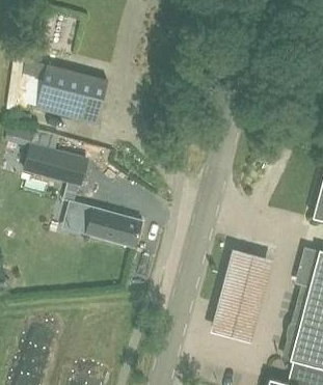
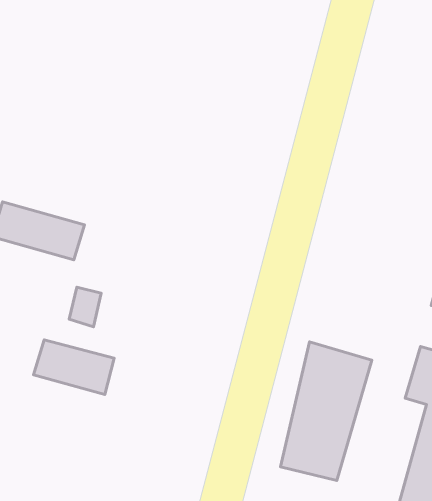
building: [36,64,109,125] -> none
building: [87,209,142,246] -> [33,340,114,395]

